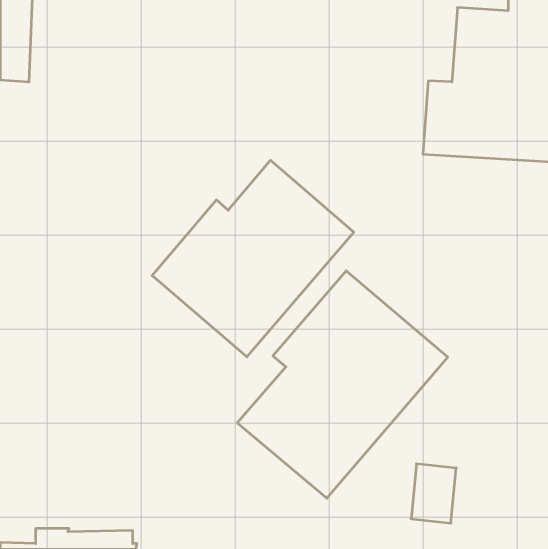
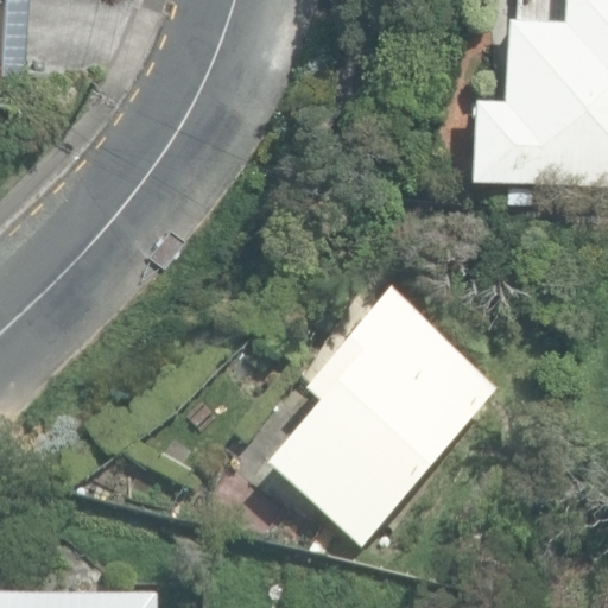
building: [152,160,354,357] -> none

